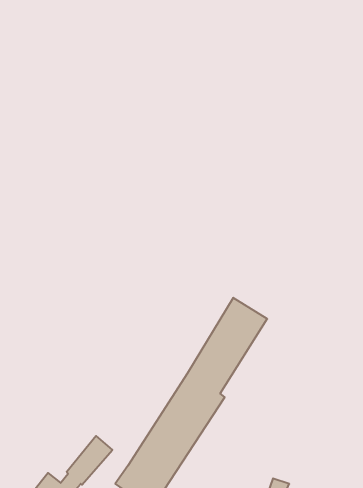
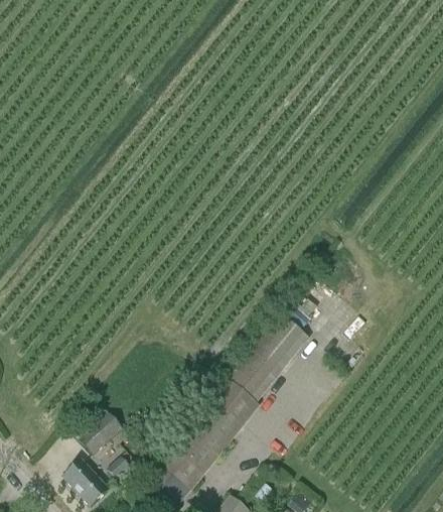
building: none -> [72,404,124,455]

